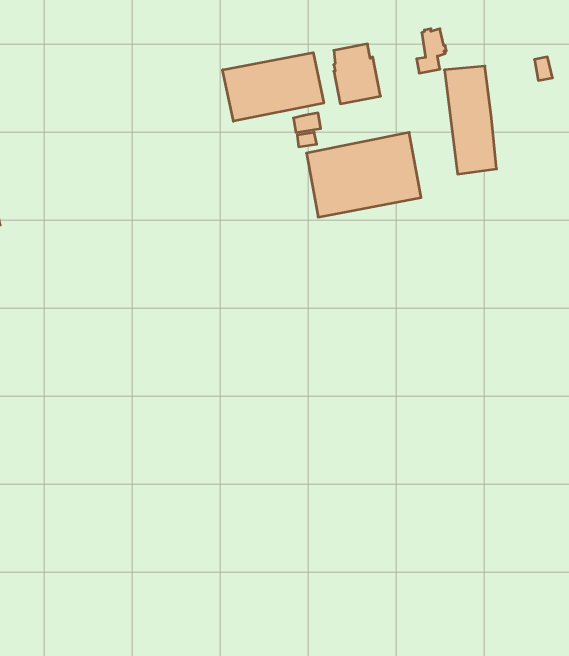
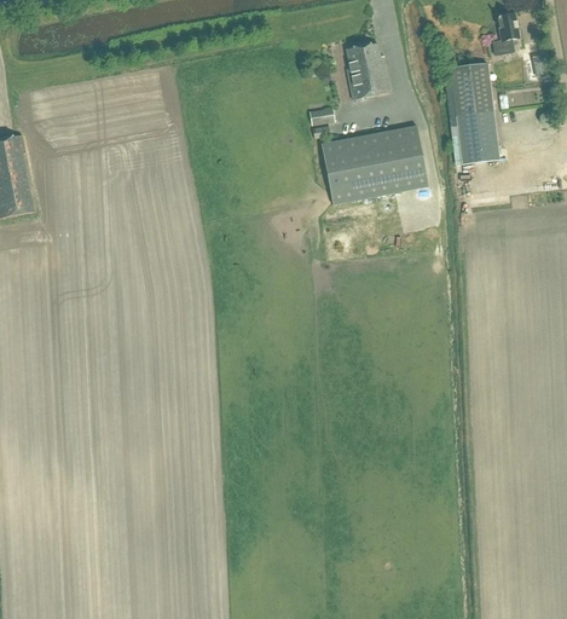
building: [417,29,446,73] -> [491,13,519,54]
building: [223,53,324,121] -> none

